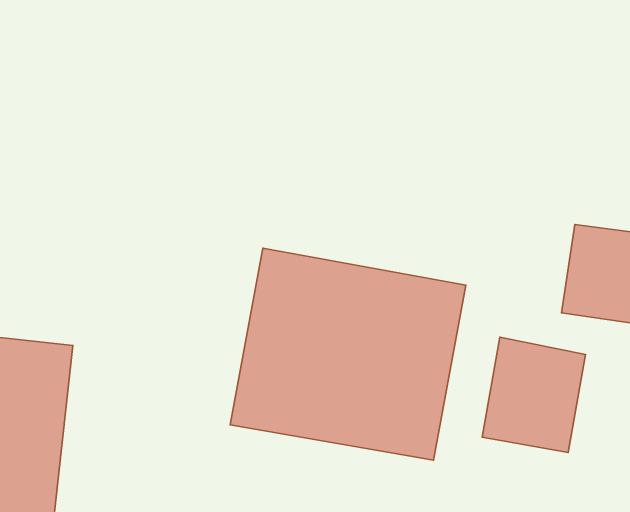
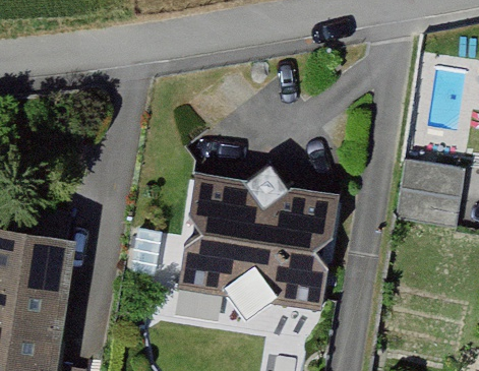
building: [482,337,585,453] -> none

